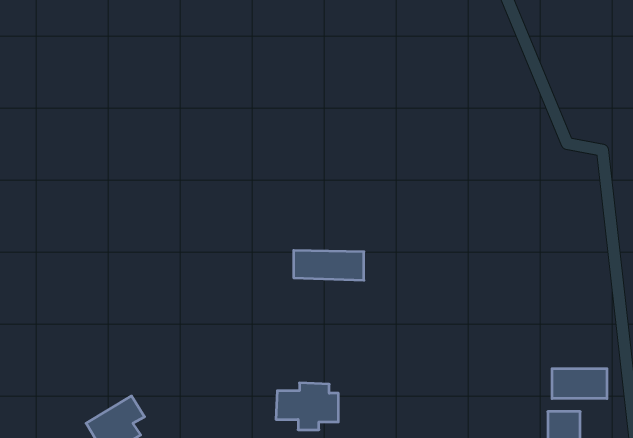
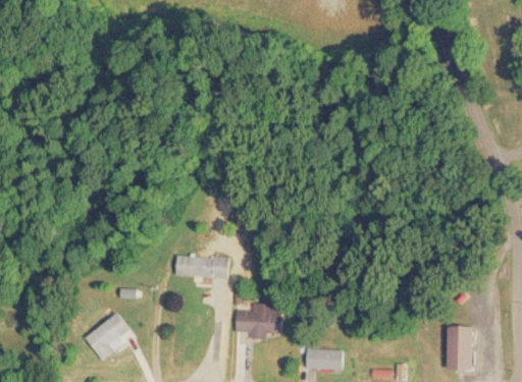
building: [294,250,364,280] -> [173,256,228,279]
building: [552,369,607,399] -> none

